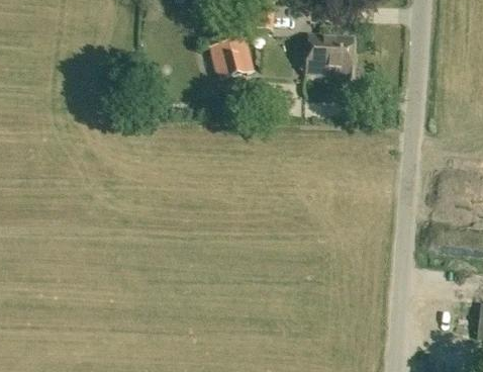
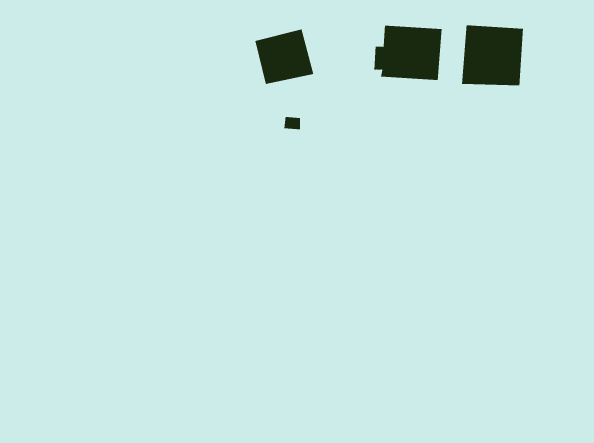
building: none -> [461,24,523,86]

